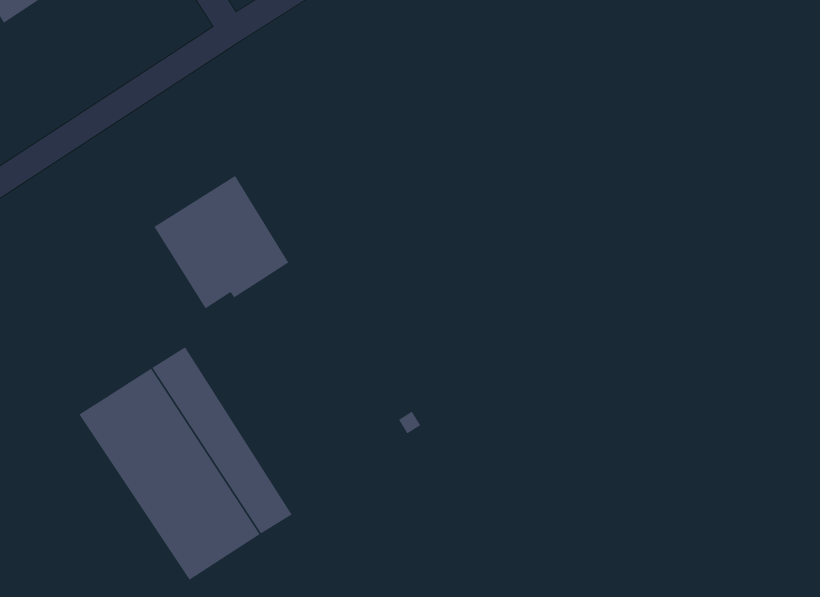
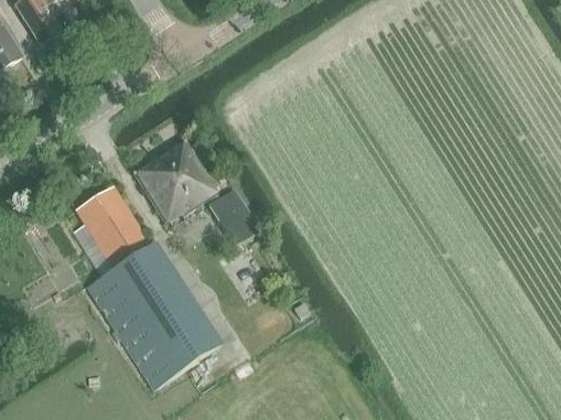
building: none -> [75,183,153,276]
building: none -> [211,189,262,246]

